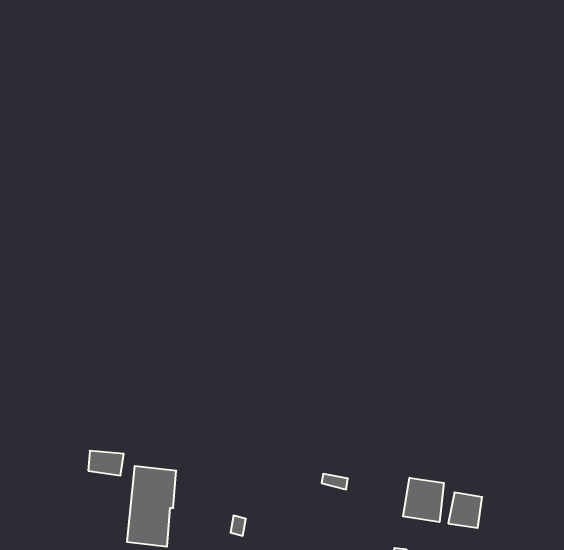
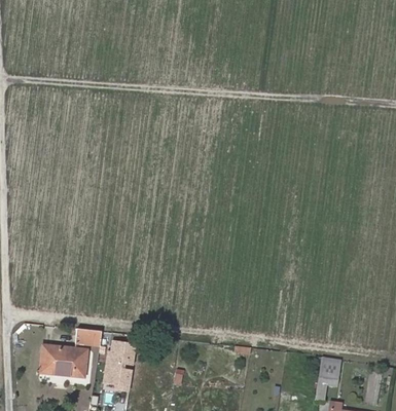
building: none -> [40,345,87,377]
building: [403,478,444,522] -> none

